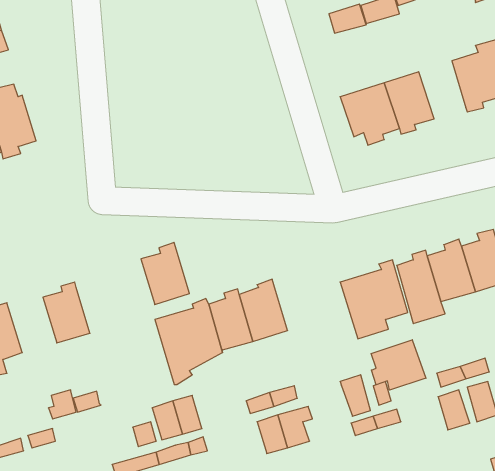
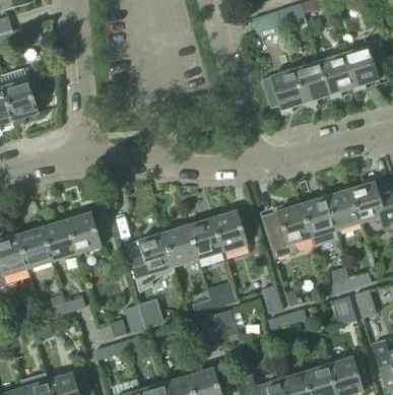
building: none -> [319,53,353,98]
building: [141,242,189,305] -> [67,207,103,253]
building: none -> [212,205,247,251]
building: none -> [17,222,53,267]
building: [371,340,426,390] -> none

